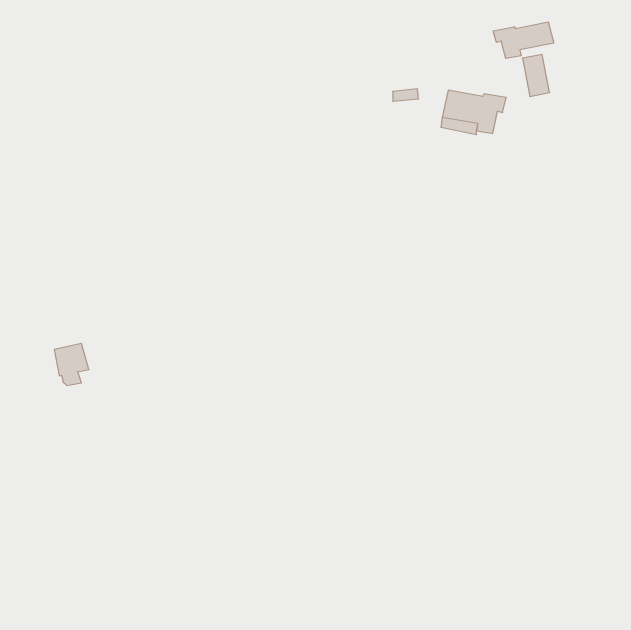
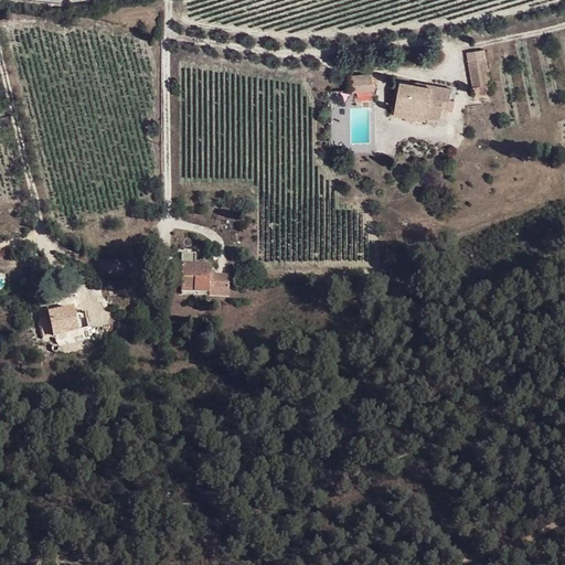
building: [493,22,554,58] -> none
building: none -> [181,253,230,294]

